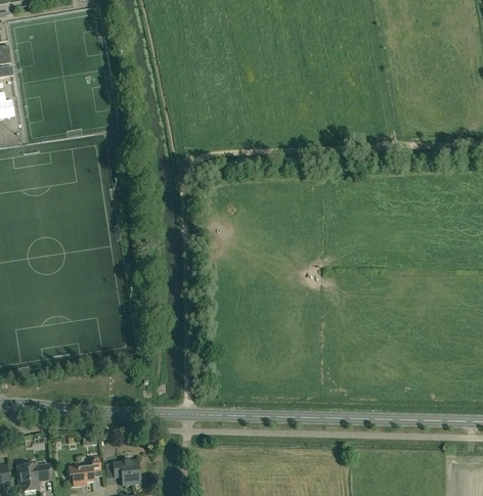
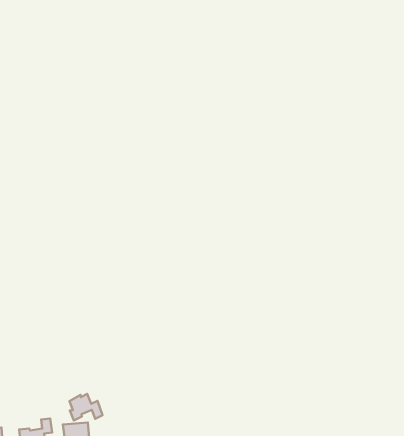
building: none -> [69,394,102,421]

